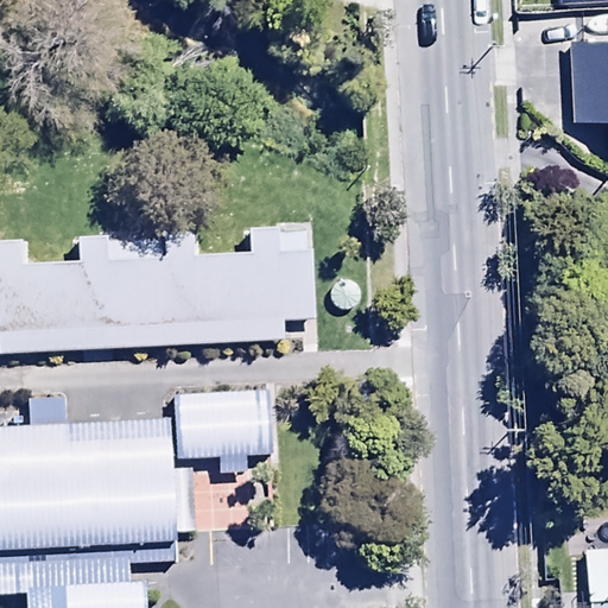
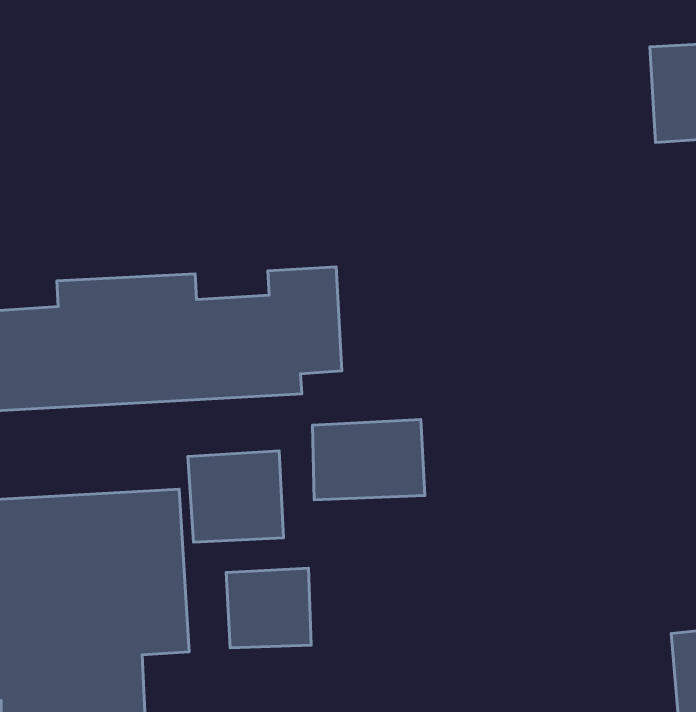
building: none -> [312,420,425,500]
building: none -> [226,568,311,648]

